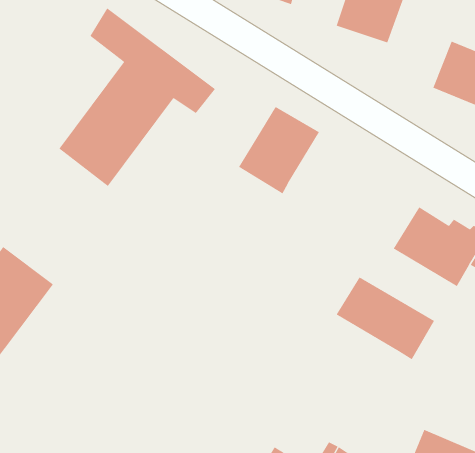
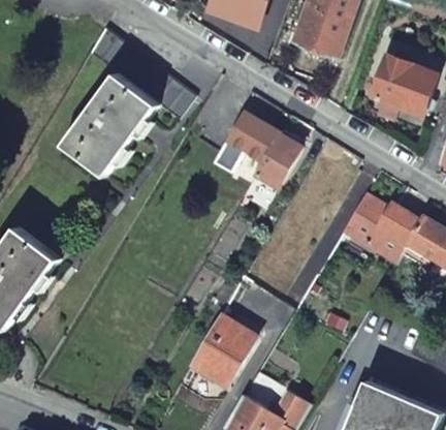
building: none -> [254,132,301,187]
building: [336,277,435,360] -> none
building: none -> [189,314,254,386]

